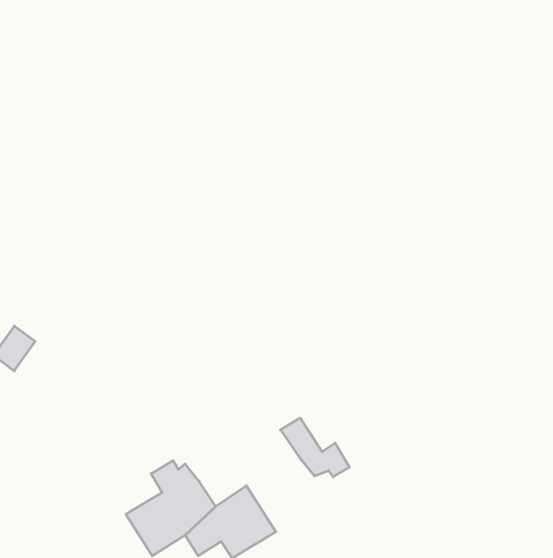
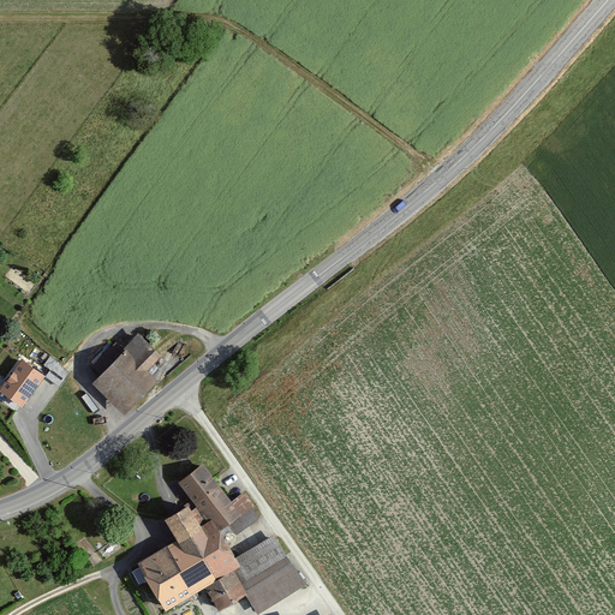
building: none -> [92,336,160,413]
building: [280,418,349,477] -> [181,465,257,530]

